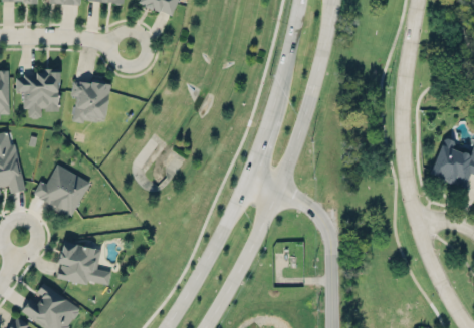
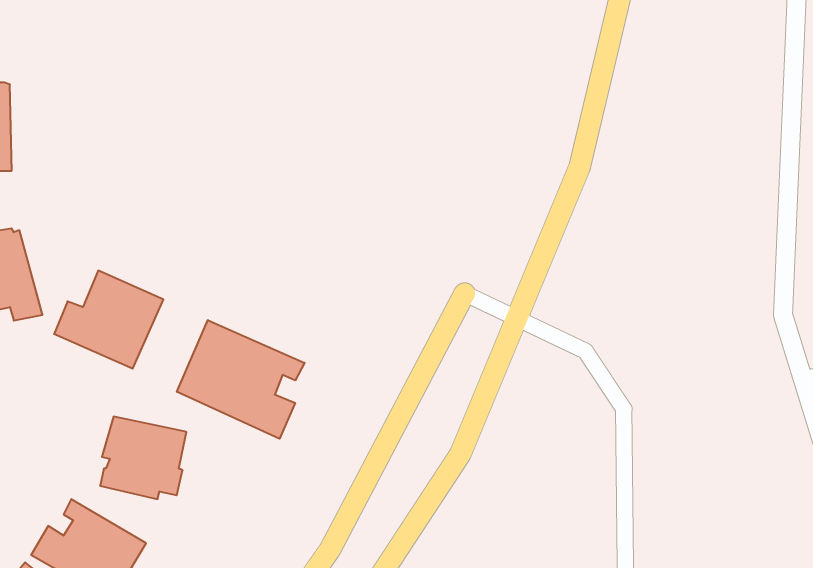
building: [16,68,59,118] -> none
building: [68,74,109,123] -> none
building: none -> [177,320,305,439]

